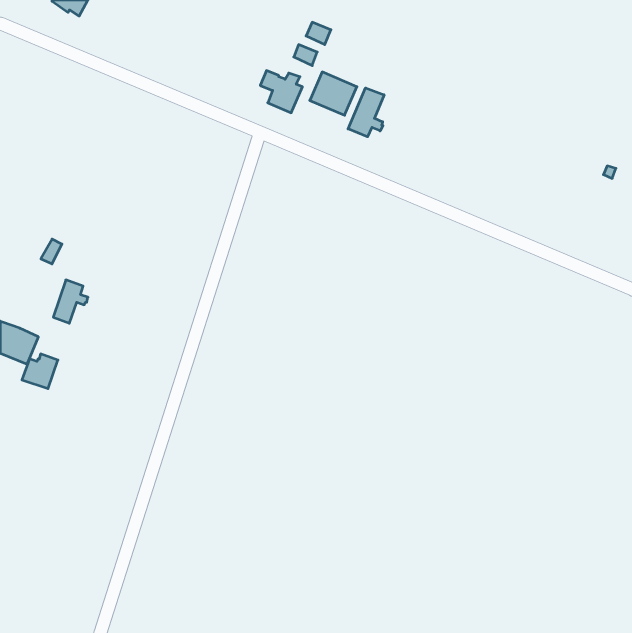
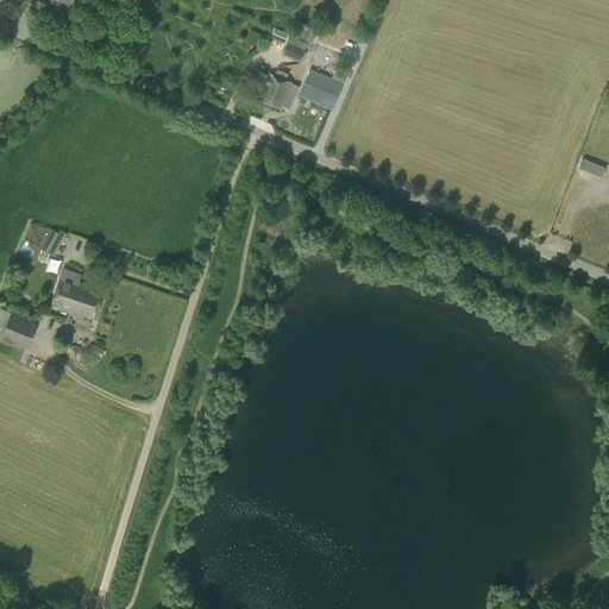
building: [348,88,384,137] -> none
building: [22,354,58,389] -> [68,285,102,319]

